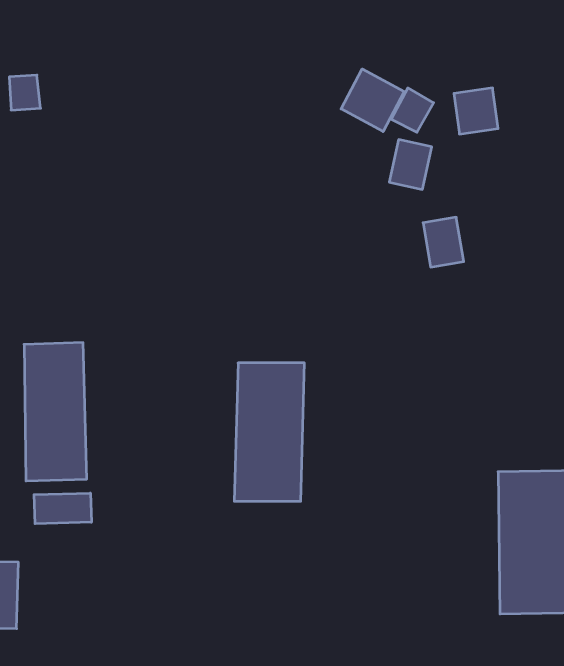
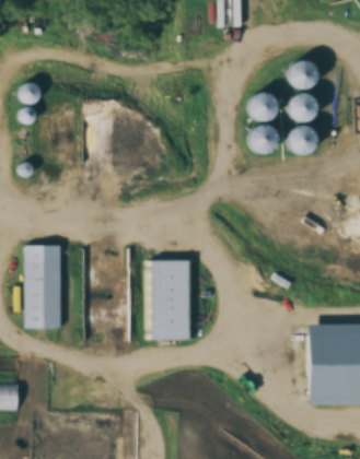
building: none -> [280,59,312,92]
building: [341,69,404,132] -> none
building: [423,217,464,267] -> [284,126,309,155]
building: [34,493,91,524] -> none

